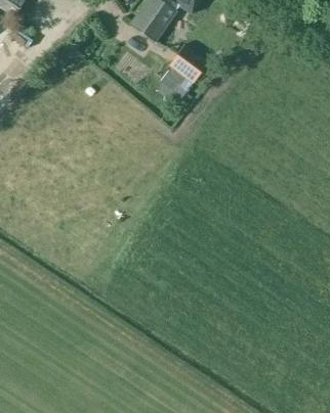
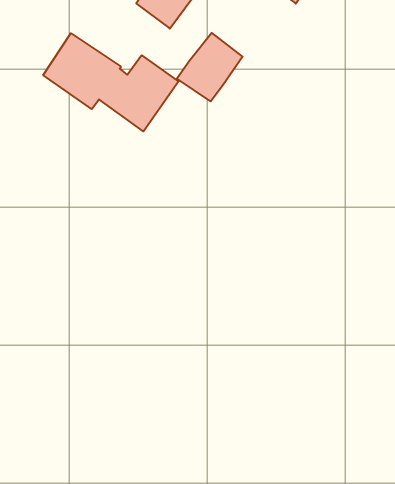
building: none -> [43,33,178,131]

